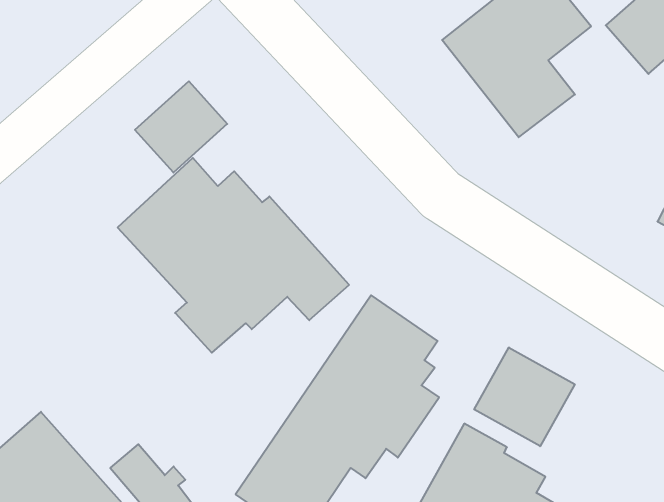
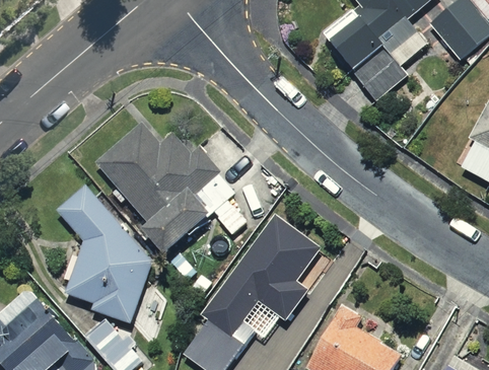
building: [135,81,227,173] -> none
building: none -> [58,183,154,321]
building: [474,347,575,446] -> none

